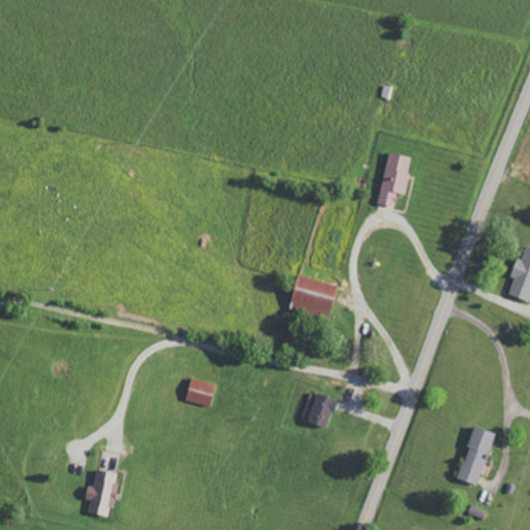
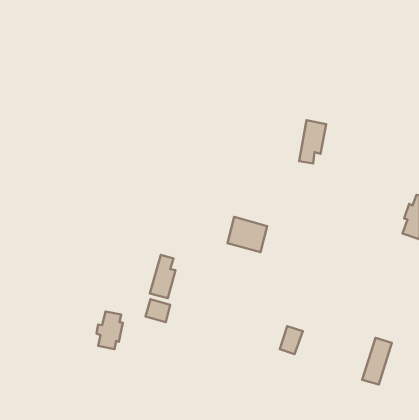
building: none -> [150,255,175,298]
building: [307,392,336,428] -> [280,326,303,354]
building: [85,469,118,517] -> [96,311,123,349]

